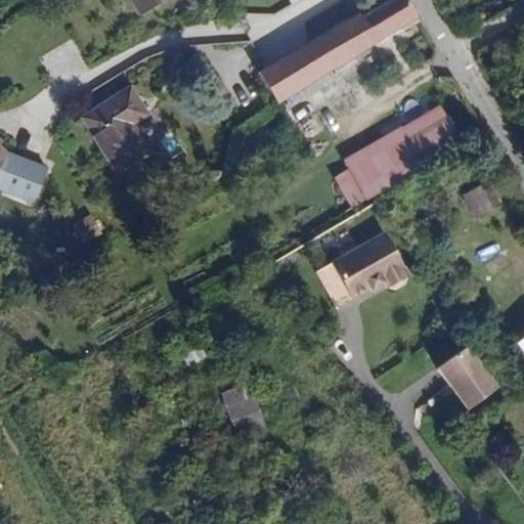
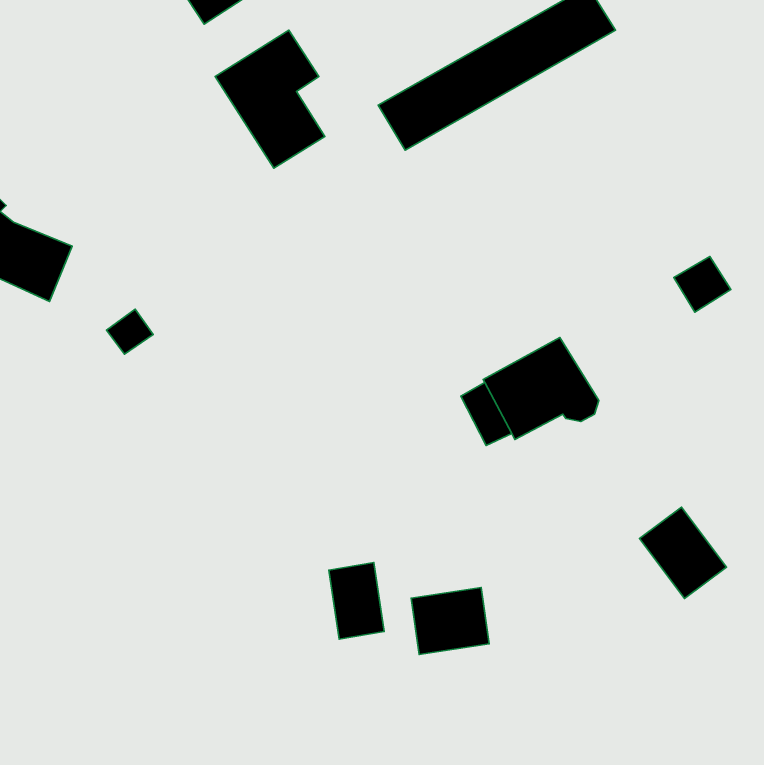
building: [79,83,154,177] -> [215,30,325,168]
building: [332,102,467,209] -> none
building: none -> [411,587,489,655]

